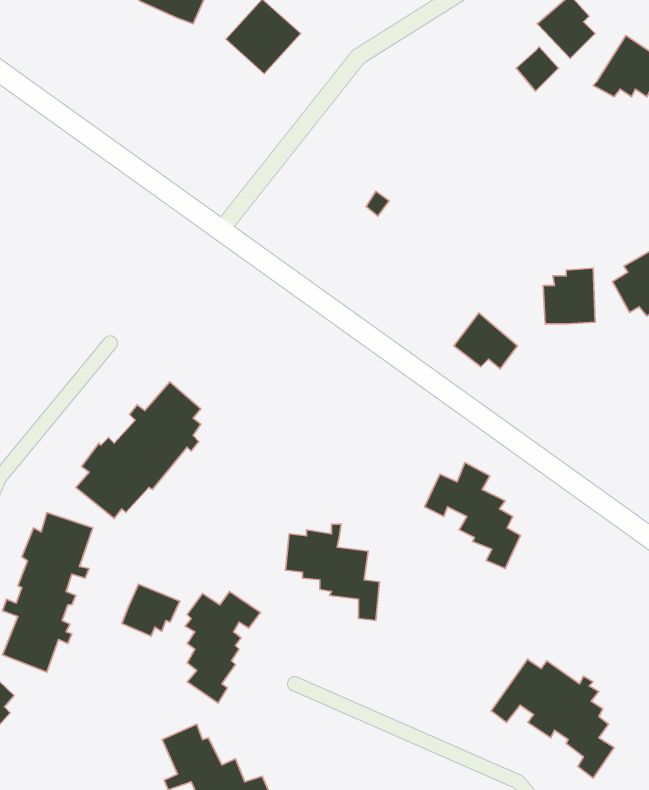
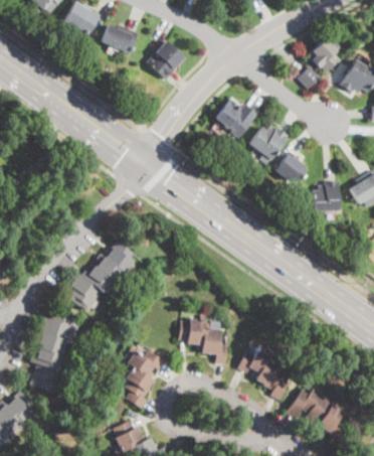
building: none -> [215,99,256,137]
building: none -> [249,127,287,165]
building: [454,313,517,369] -> [273,153,307,182]
building: [424,463,521,568] -> [237,344,288,400]
building: [122,584,180,636] -> none

